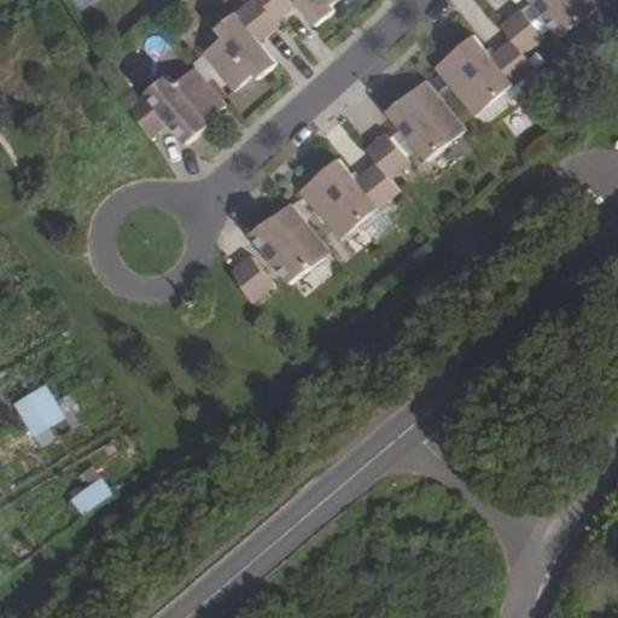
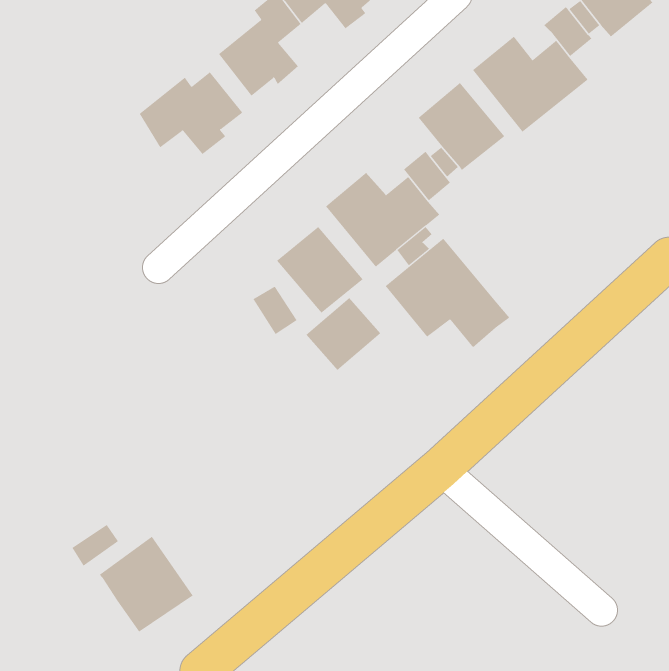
building: none -> [385,238,510,348]
building: none -> [306,297,381,371]
building: [10,386,63,439] -> none
building: none -> [99,536,193,633]

